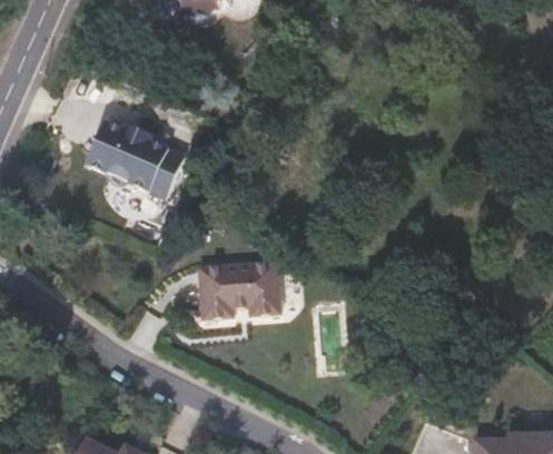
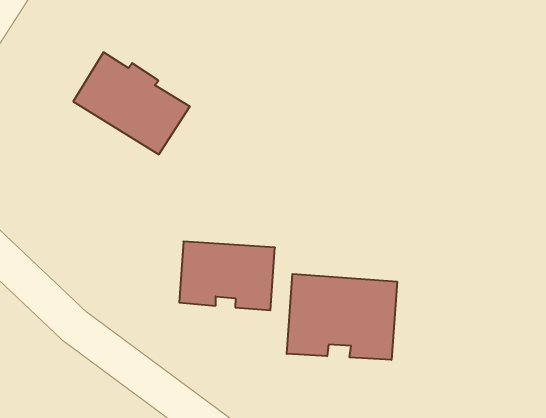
building: none -> [287,274,397,360]

